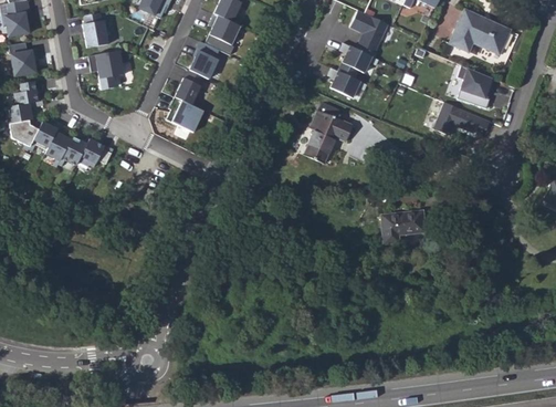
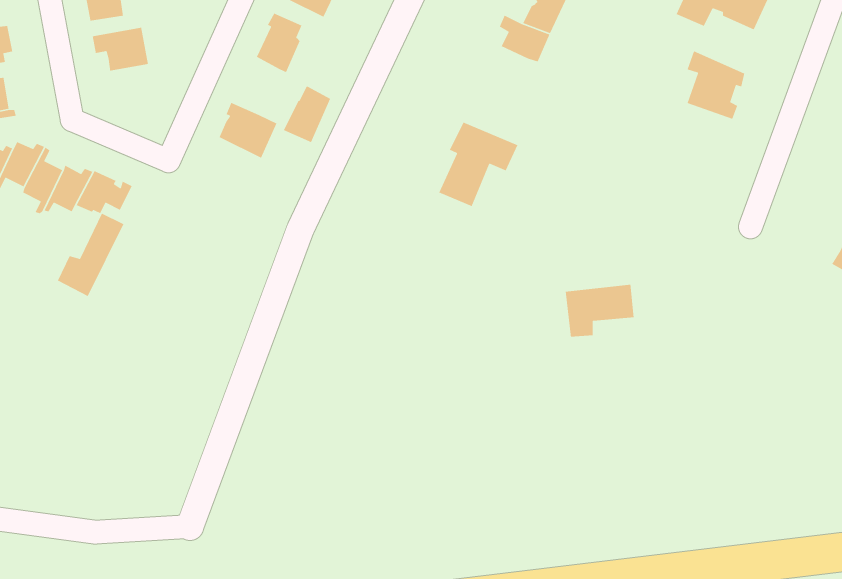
building: [331,63,360,100] -> none
building: [175,70,204,105] -> [283,86,331,143]
building: [432,102,489,135] -> none
building: none -> [57,213,125,297]

